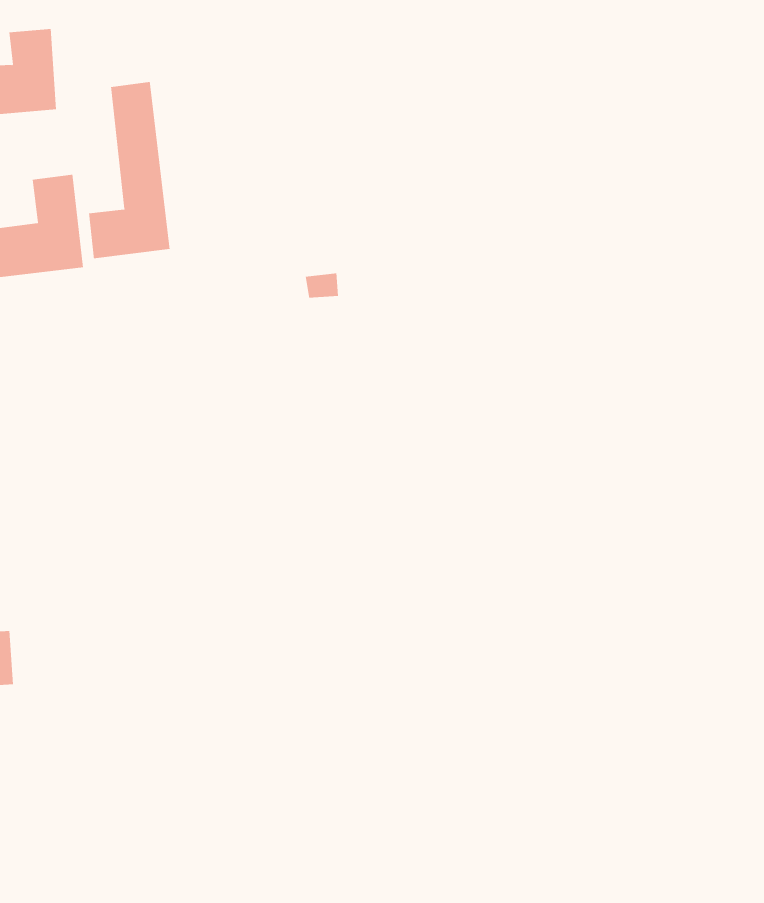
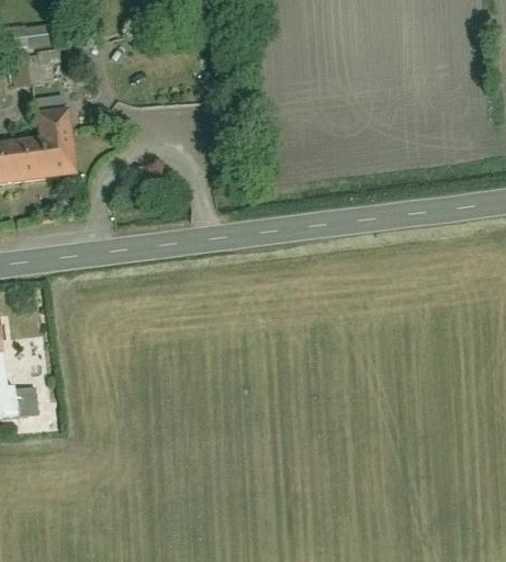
building: [88,81,170,259] -> none

